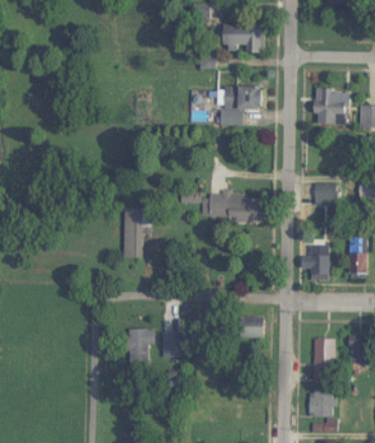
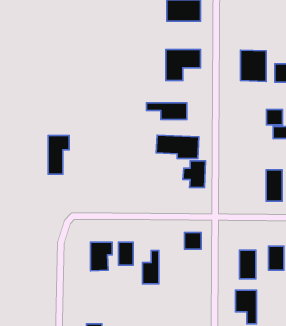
building: none -> [146,103,187,120]
building: [313,184,334,203] -> [266,110,282,125]
building: [122,208,149,257] -> [48,135,69,174]
building: [300,246,329,279] -> [183,161,205,187]
building: none -> [142,250,159,284]

